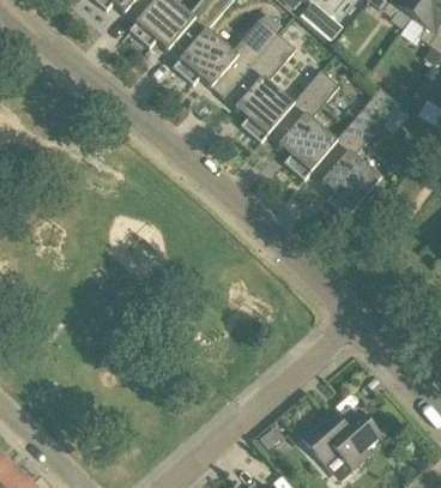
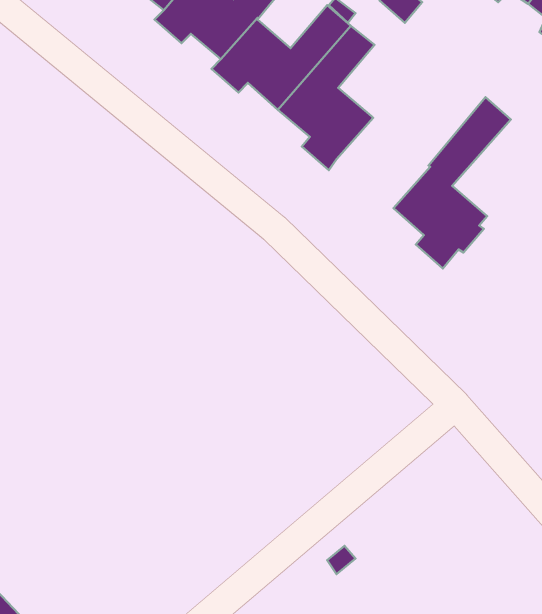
building: [267,68,339,179] -> none
building: [301,408,381,468] -> none

